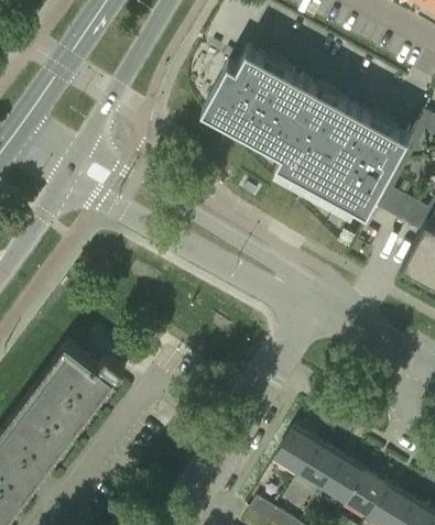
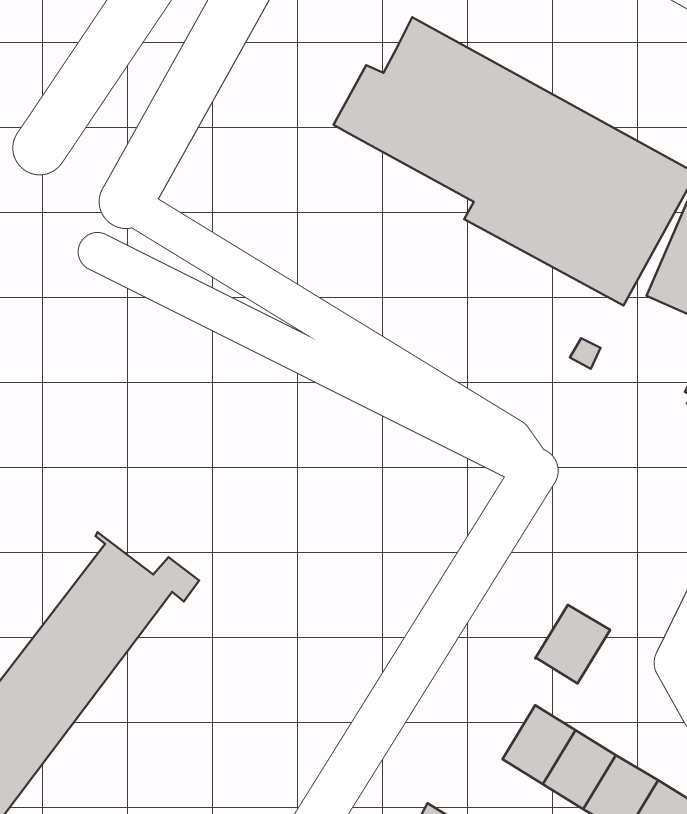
building: [274,429,317,474] -> [535,605,610,684]

